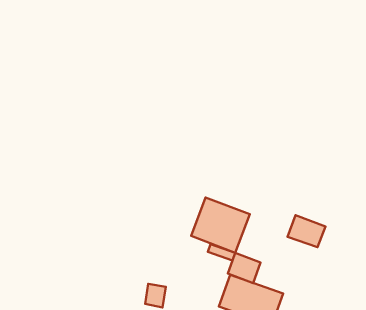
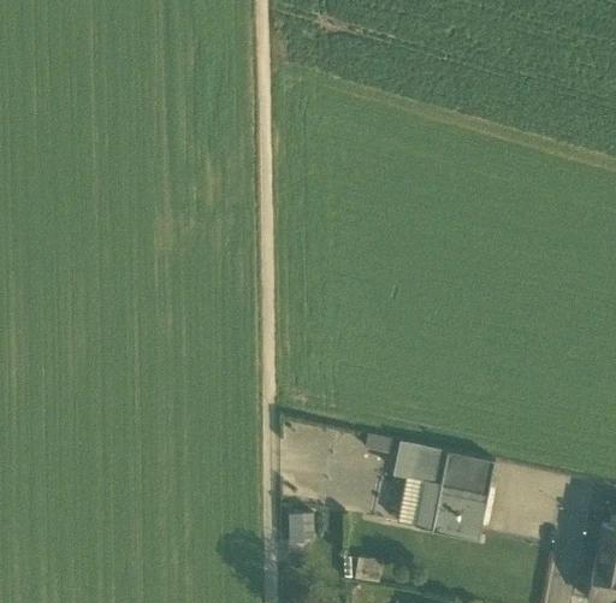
building: [191,197,250,253] -> none
building: [287,215,326,247] -> [442,449,496,491]

